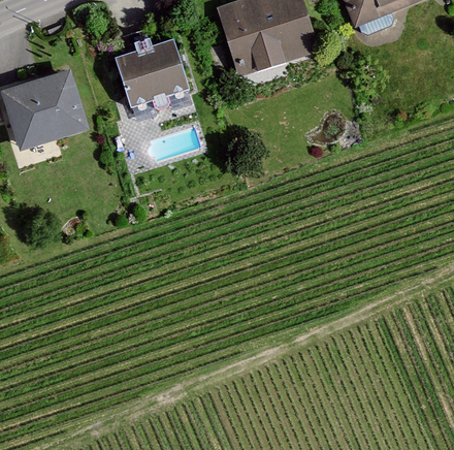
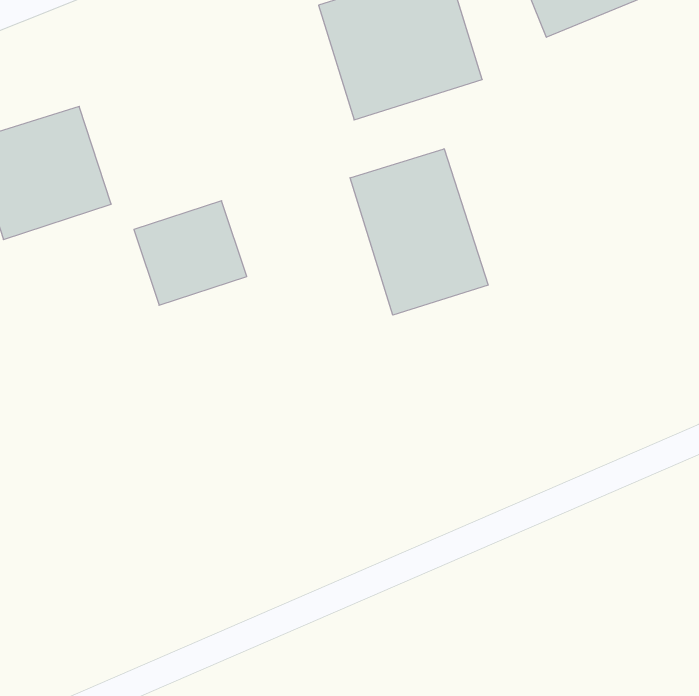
building: [118,39,187,103] -> [134,201,247,305]
building: none -> [350,149,488,315]

